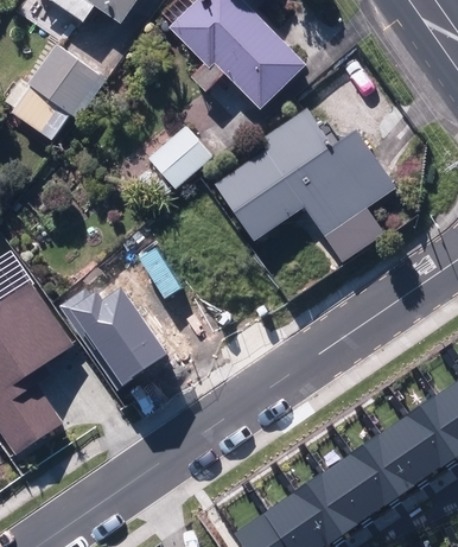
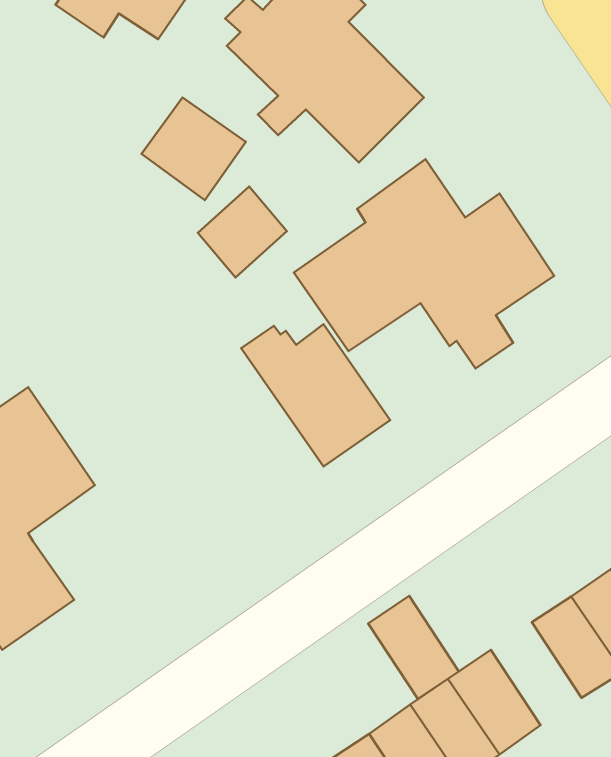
building: [30,49,102,120] -> [141,97,246,200]
building: [64,286,167,384] -> [241,324,390,466]
building: [352,432,415,503] -> [368,596,459,699]

